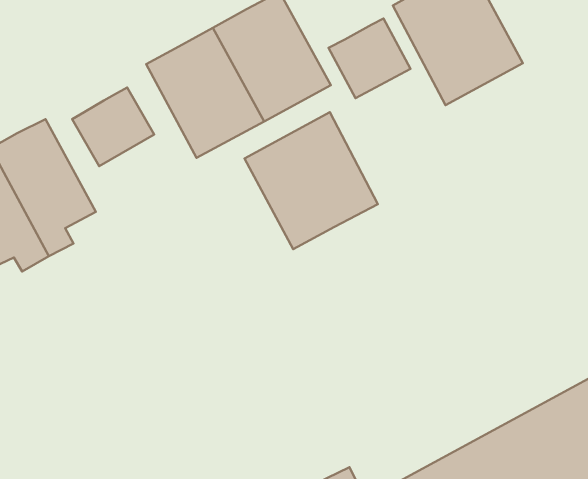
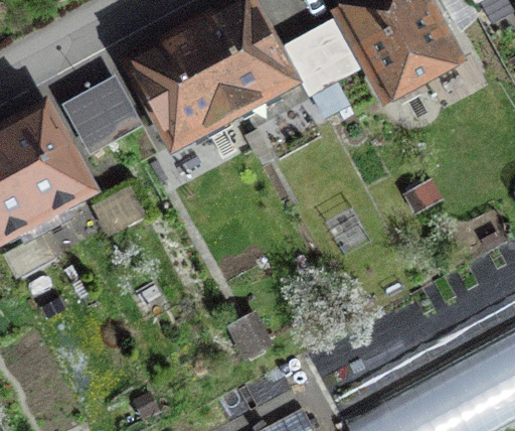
building: [245,112,378,249] -> none

